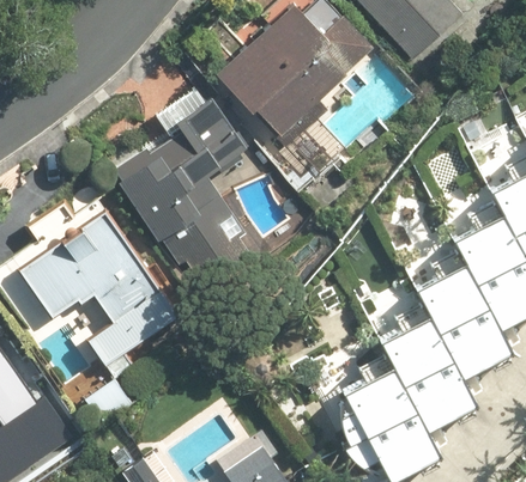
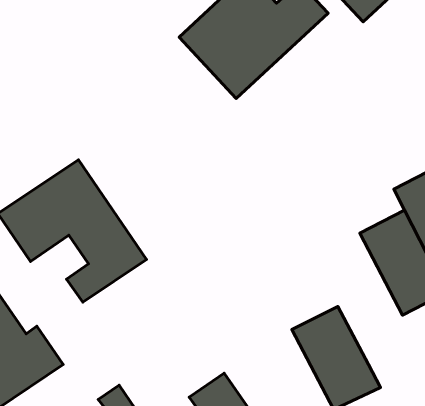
building: [110,97,254,291] -> none
building: [371,317,470,433] -> none

